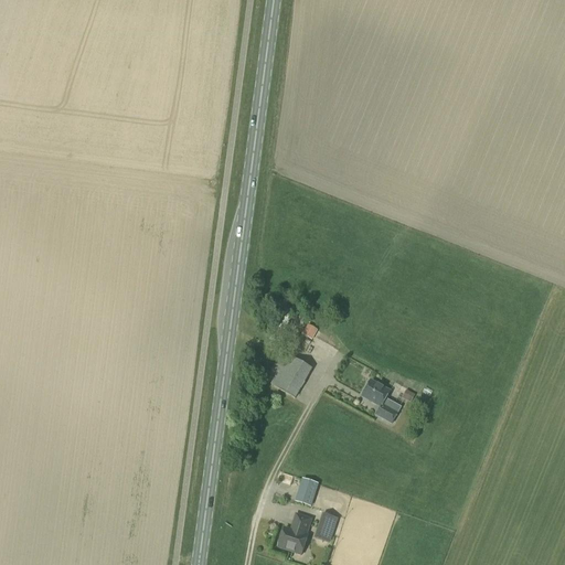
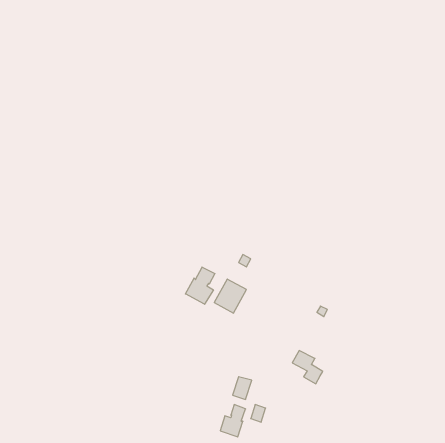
building: none -> [185,267,215,304]
building: [362,379,401,420] -> [292,351,323,384]

